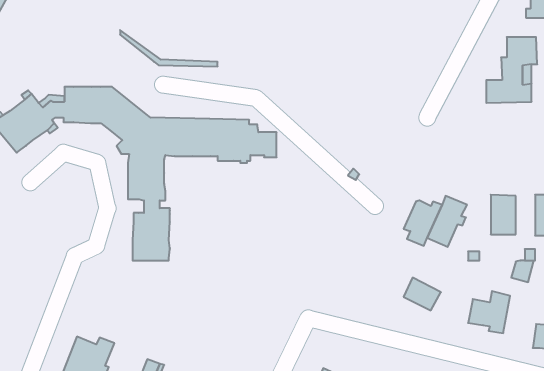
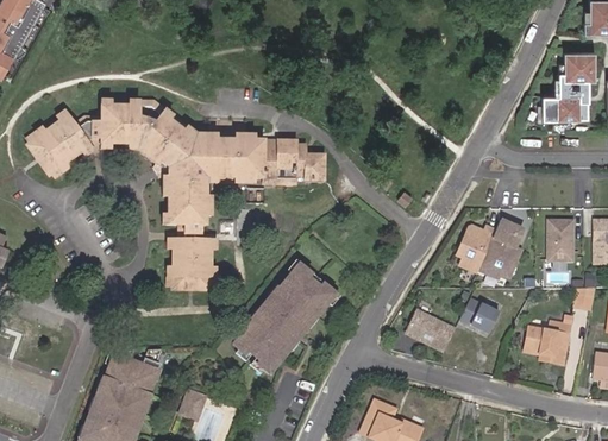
building: [120,30,218,66] -> [151,100,253,138]
building: none -> [228,265,331,372]
building: none -> [405,311,455,352]

